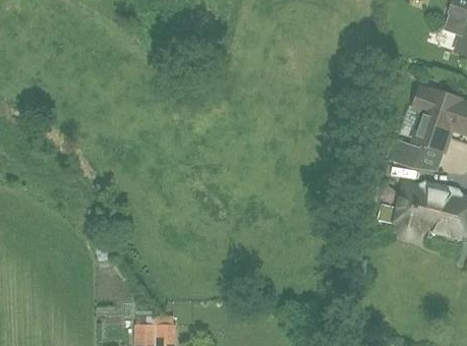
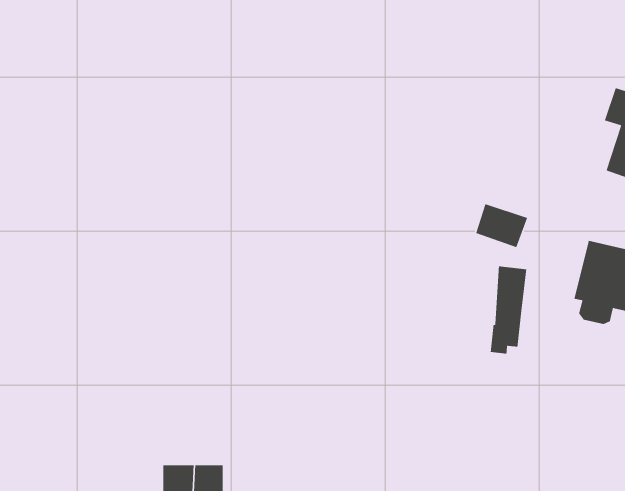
building: [389,139,422,168] -> [475,203,528,248]
building: none -> [490,266,527,355]

